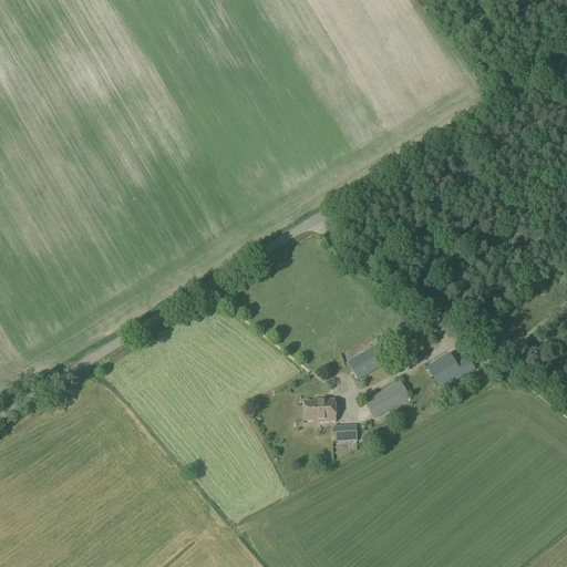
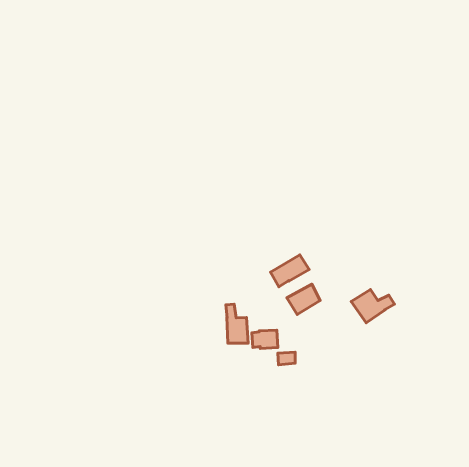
building: none -> [226,304,248,343]
building: [364,379,411,417] -> [271,255,309,287]

